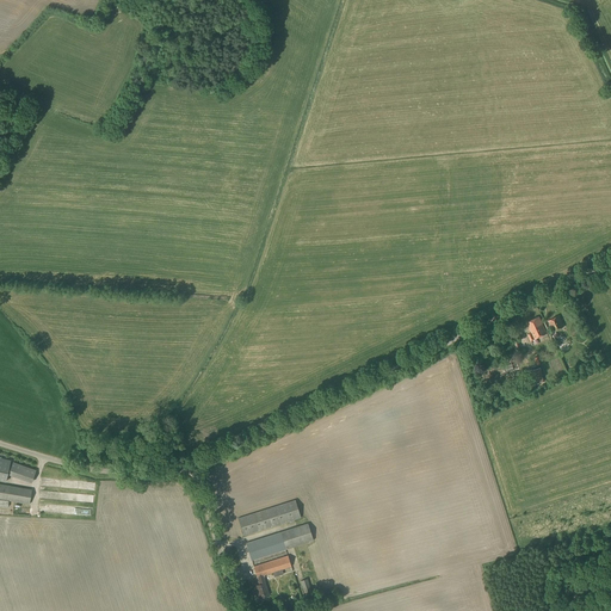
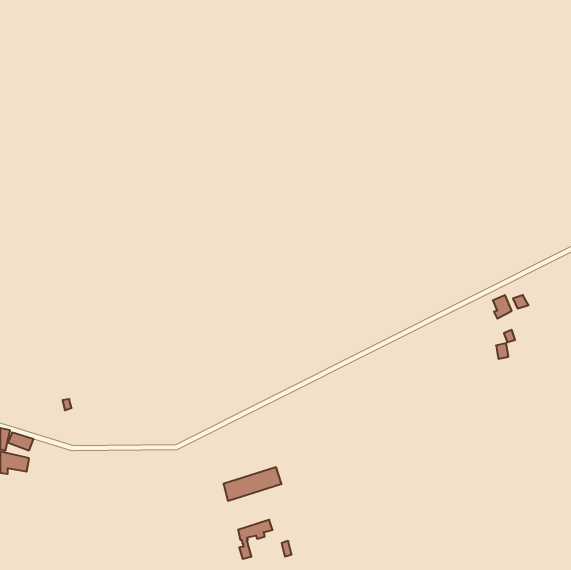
building: [246,523,313,558] -> none

